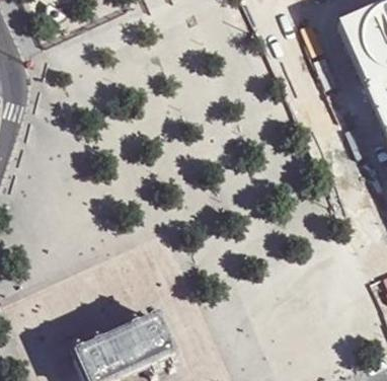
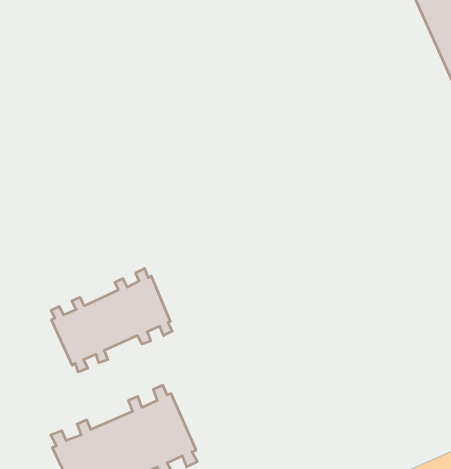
building: none -> [51,268,172,372]

